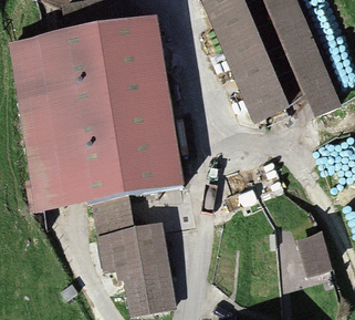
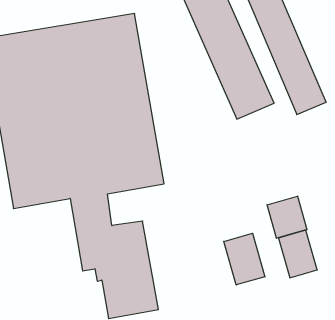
building: none -> [267,196,307,238]
building: none -> [224,233,265,285]

